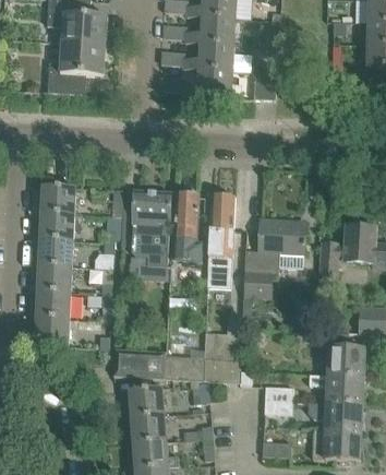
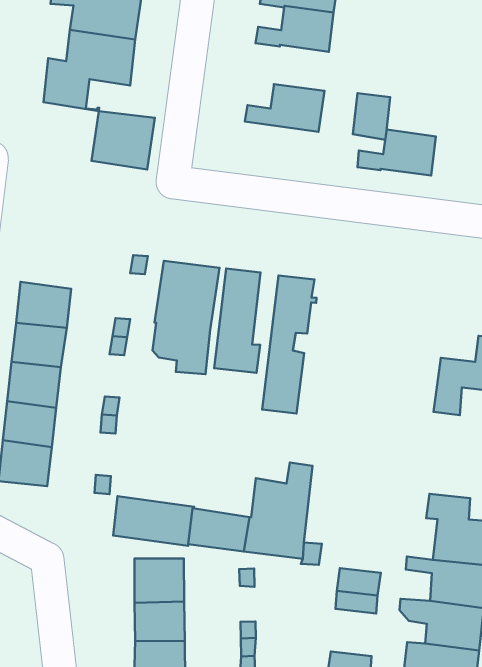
building: [183,41,233,70] -> [358,130,436,176]
building: none -> [92,111,155,169]
building: [40,185,75,213] -> none
building: [244,219,305,299] -> none

